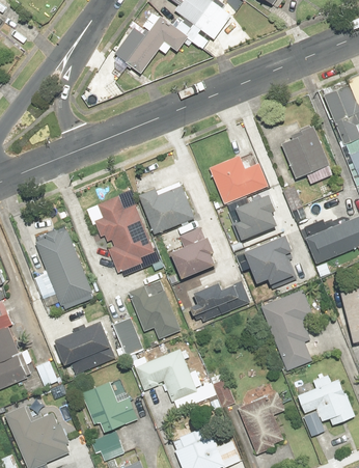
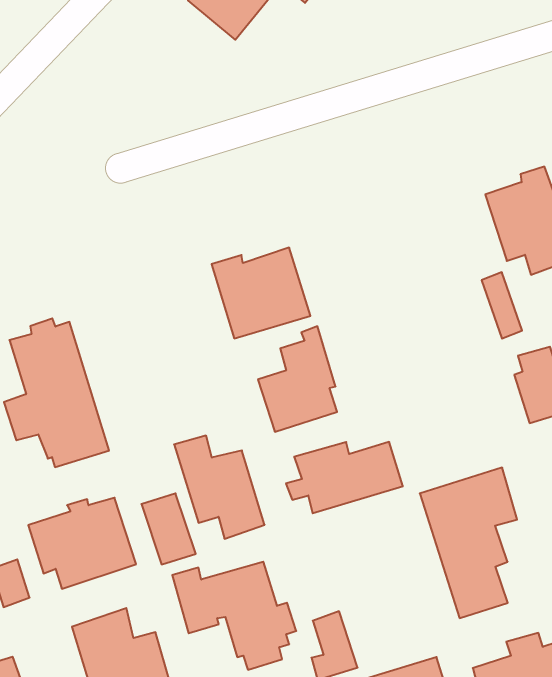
building: [210,156,268,203] -> none
building: [233,195,275,240] -> none
building: [94,197,154,273] -> none
building: [243,236,294,285] -> none

